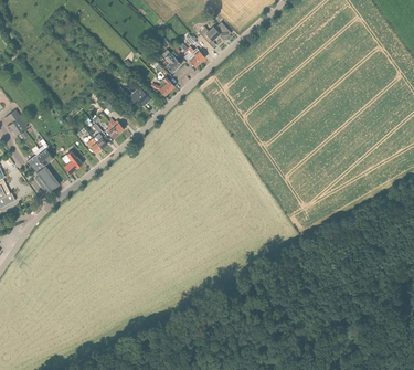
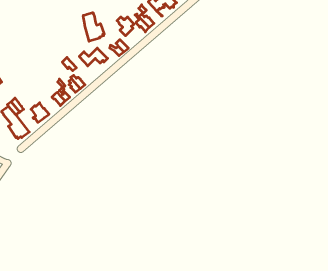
building: none -> [83,13,104,41]

